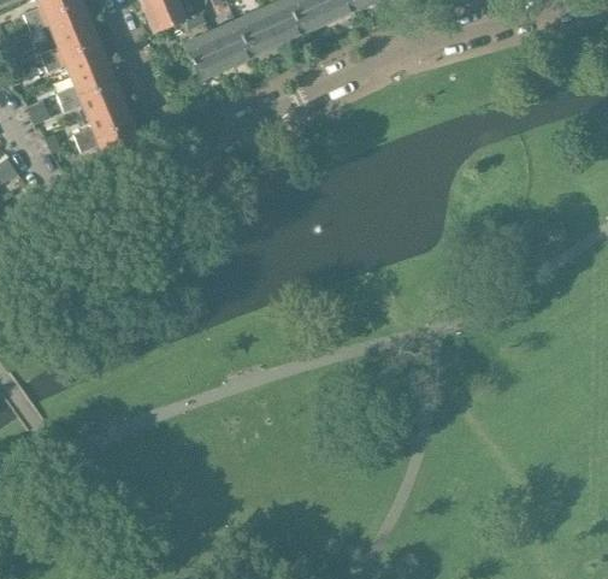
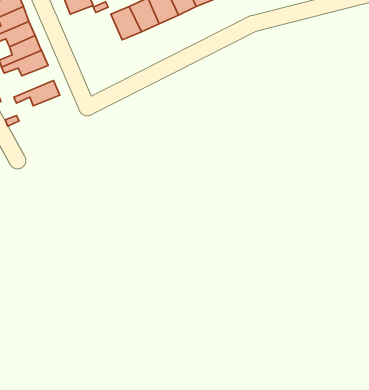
building: [183,31,225,78] -> none
building: [73,101,132,144] -> none

